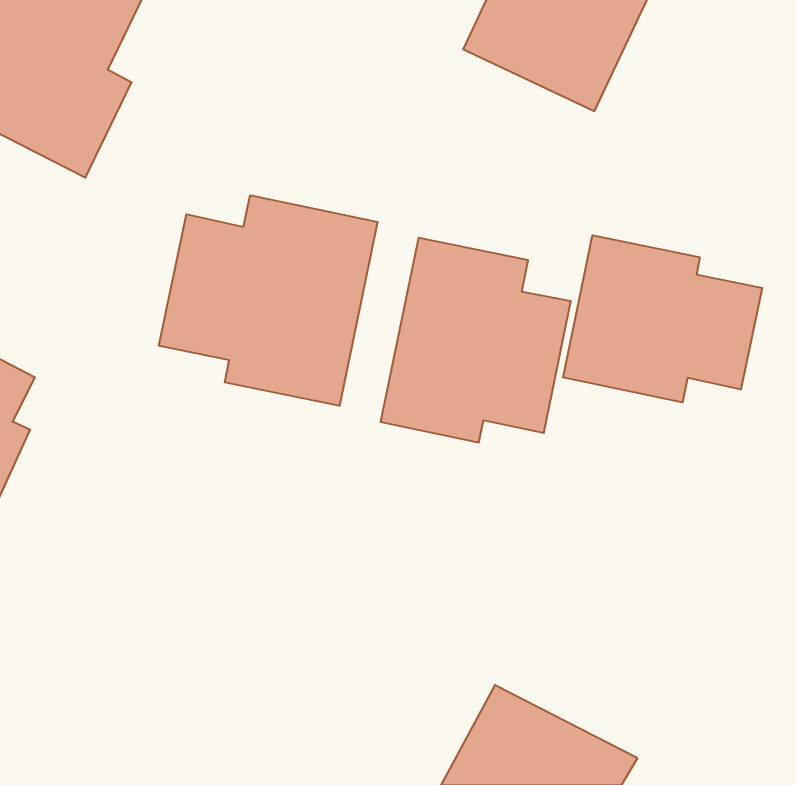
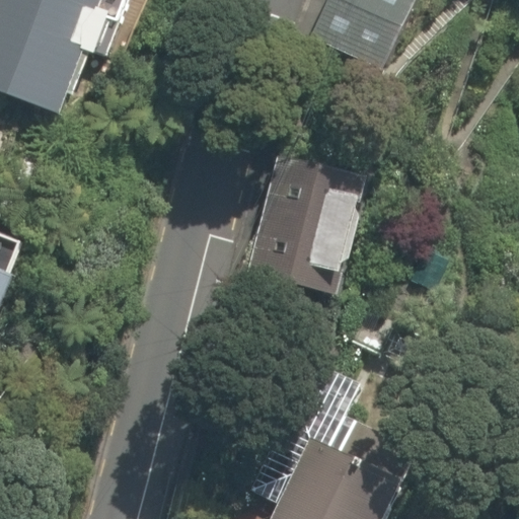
building: [159,195,378,406] -> none
building: [563,235,762,402] -> none

